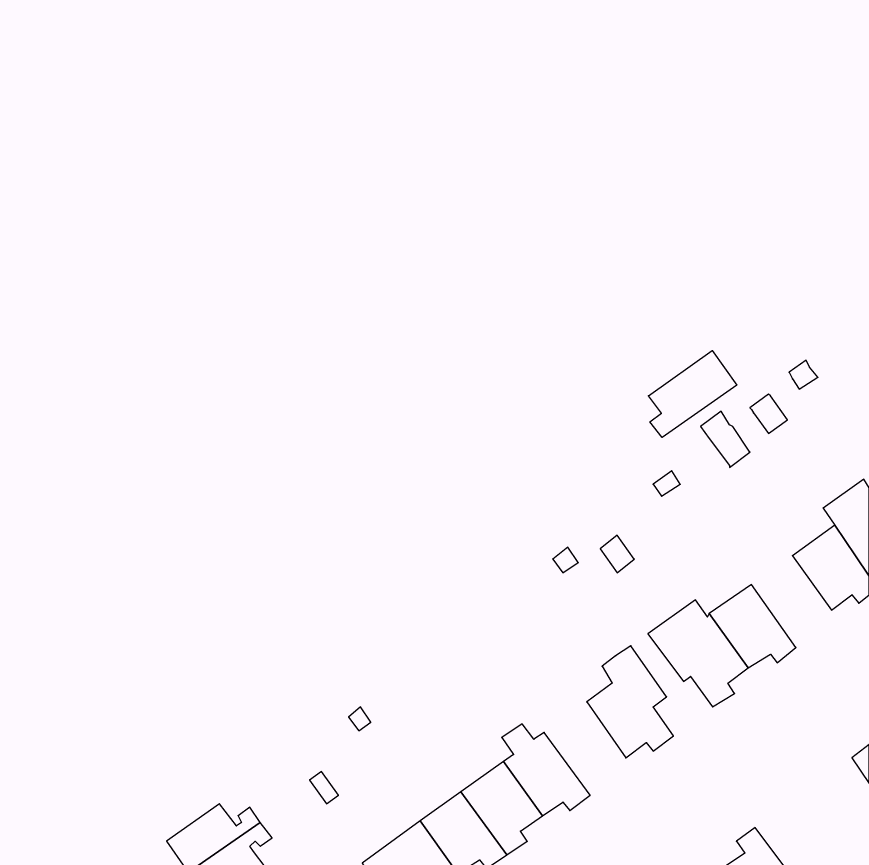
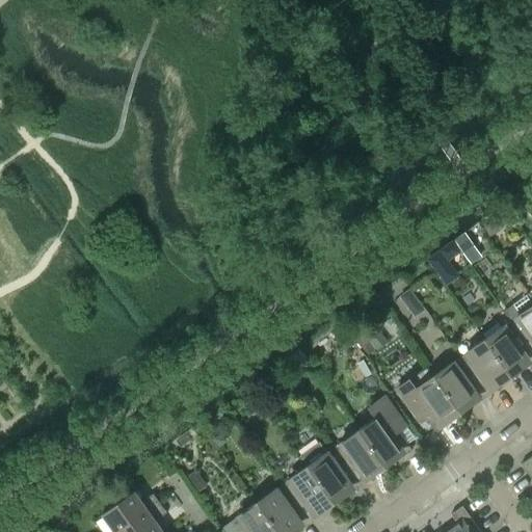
building: [648,351,737,437] -> none
building: none -> [459,342,508,398]
building: none -> [332,431,382,488]

